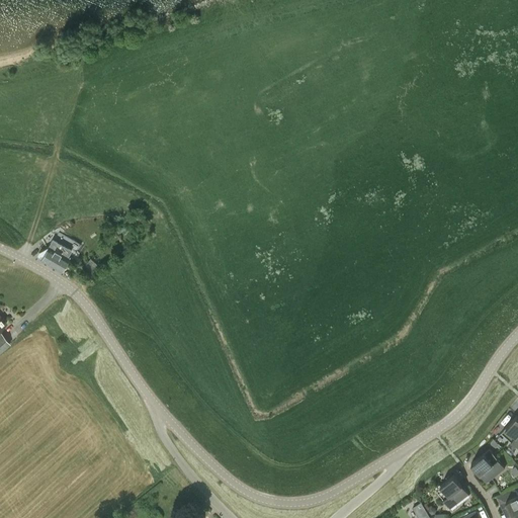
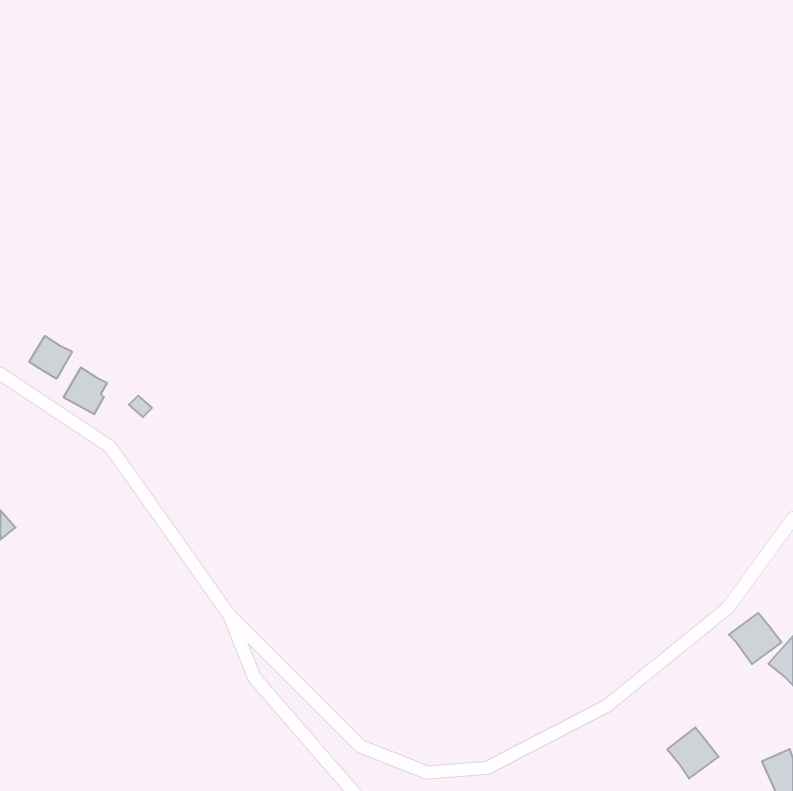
building: none -> [29,336,72,379]
building: [470,450,505,484] -> [729,613,782,664]

